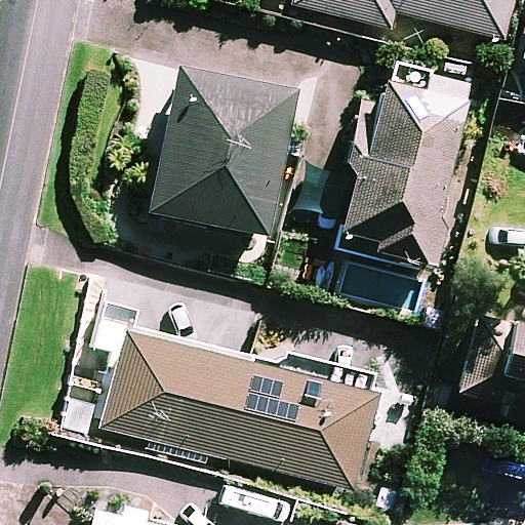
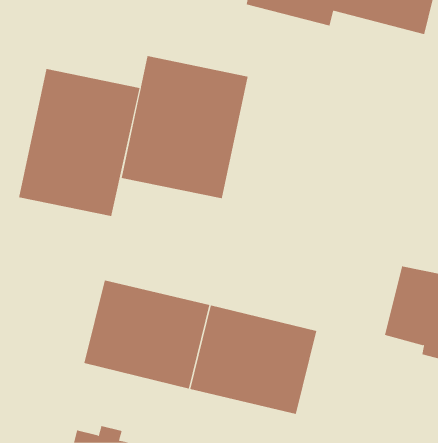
building: [342,77,471,264] -> none
building: none -> [19,68,140,217]

